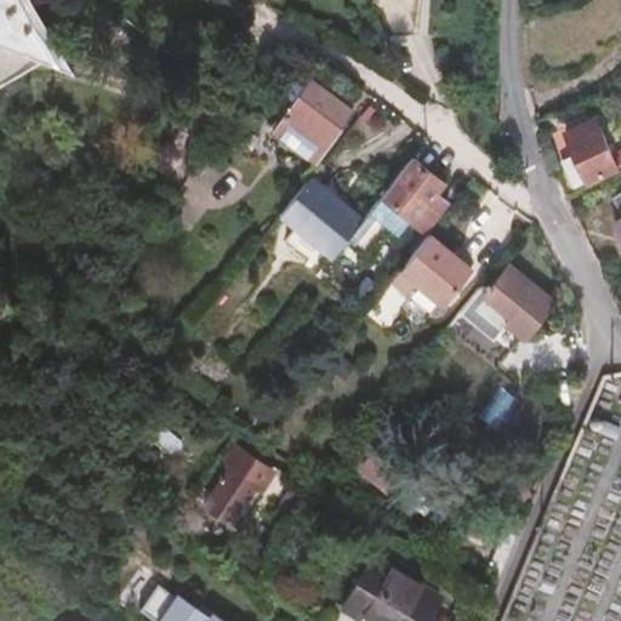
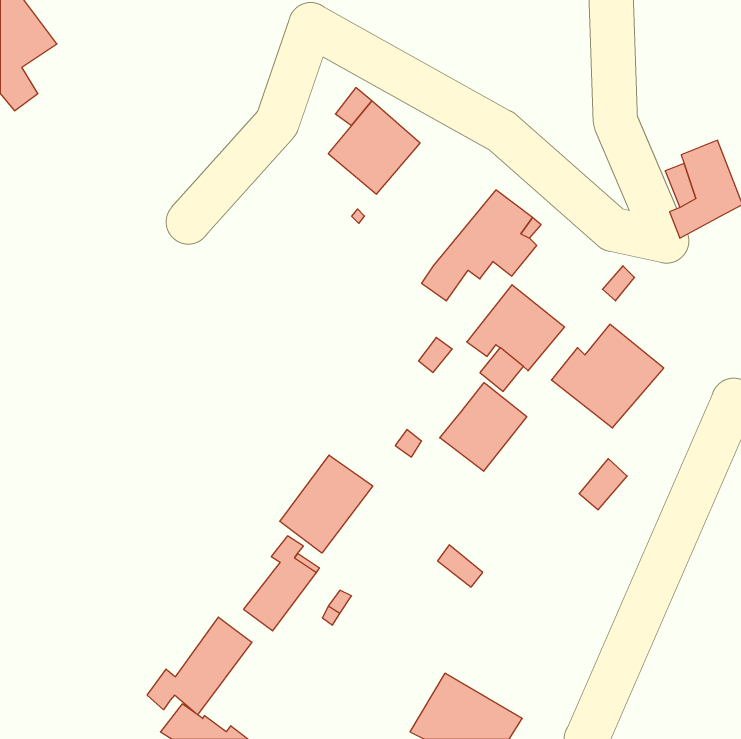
building: [281,180,364,258] -> none
building: none -> [440,383,527,471]
building: none -> [280,455,373,553]
building: none -> [147,617,252,715]

